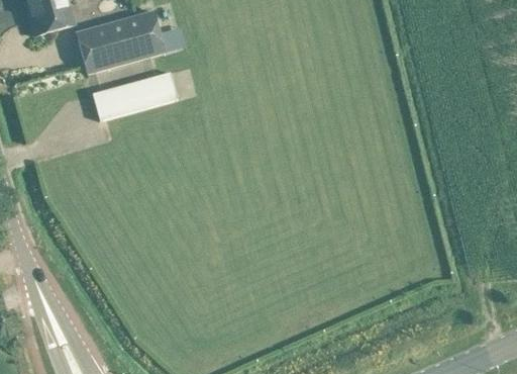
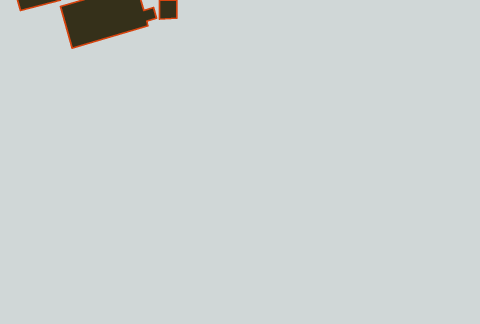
building: [92,72,177,120] -> none

